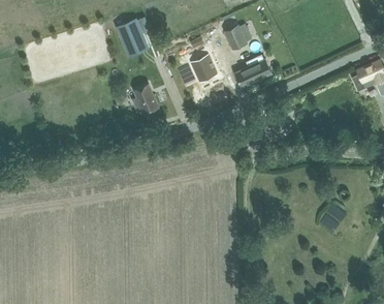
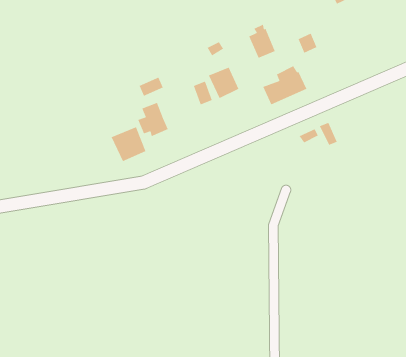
building: [118,19,149,56] -> none
building: none -> [111,126,146,162]

